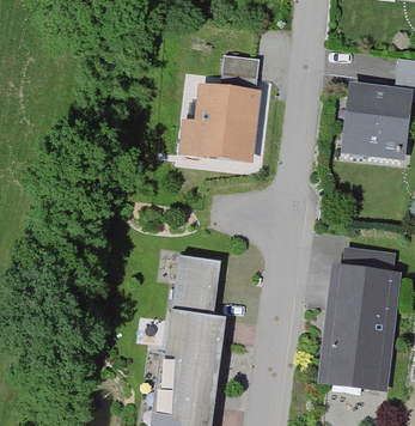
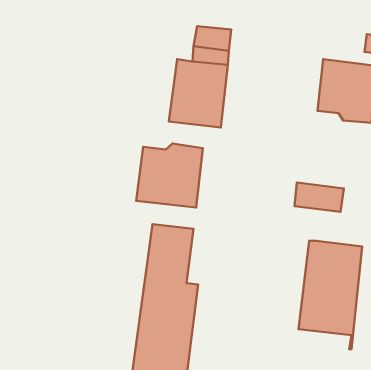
building: none -> [136,144,203,208]
building: [344,251,395,281] -> [294,182,344,212]

